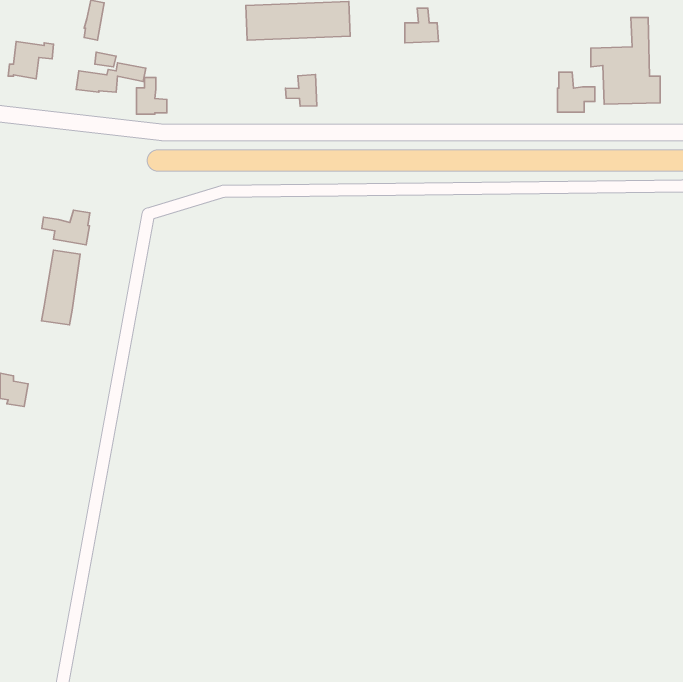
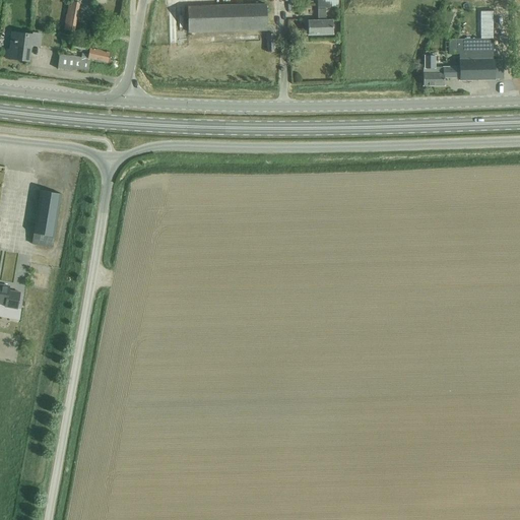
building: [286,74,317,106] -> none
building: [136,77,167,114] -> none
building: [42,210,90,245] -> none

